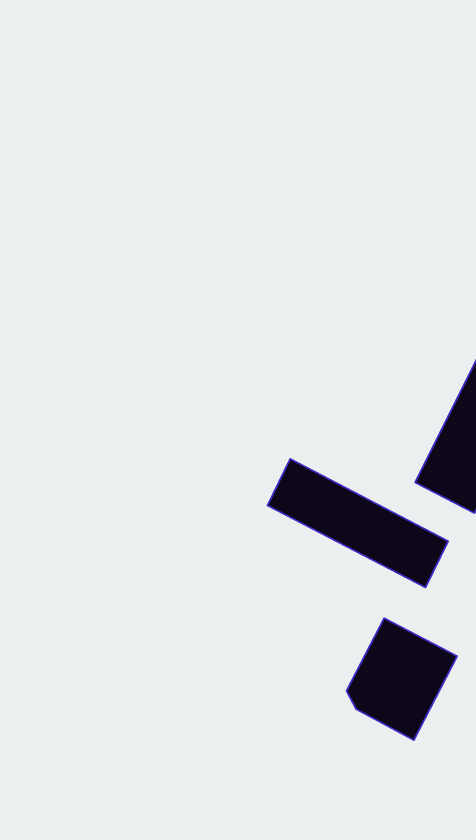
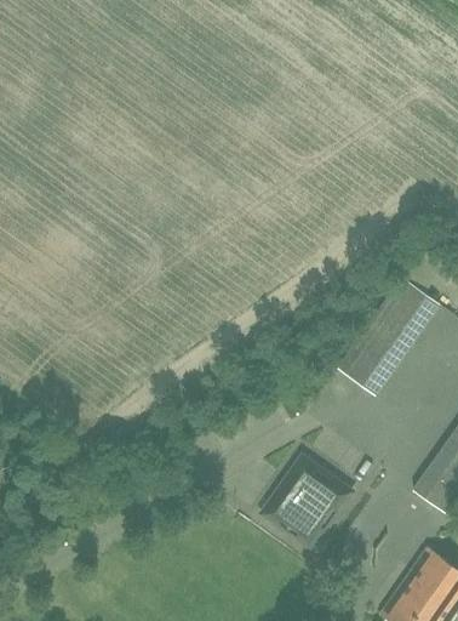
building: [267,459,448,588] -> none

